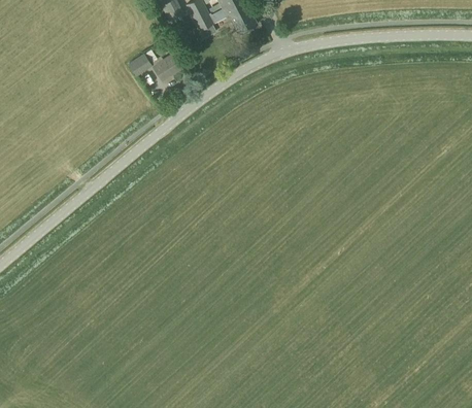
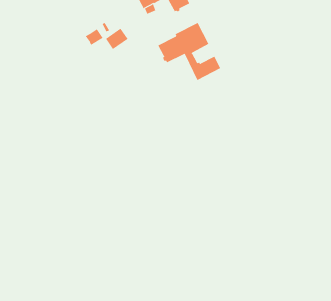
building: none -> [158,22,221,81]

